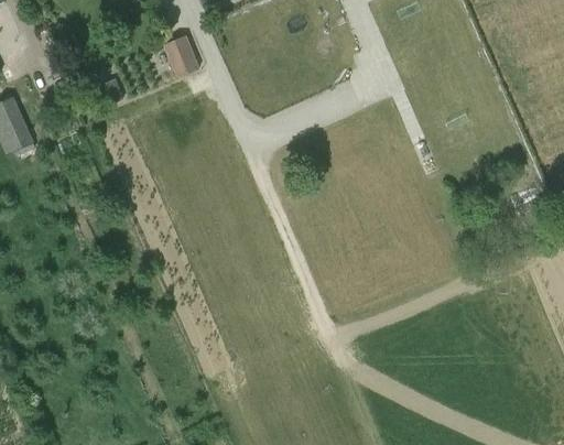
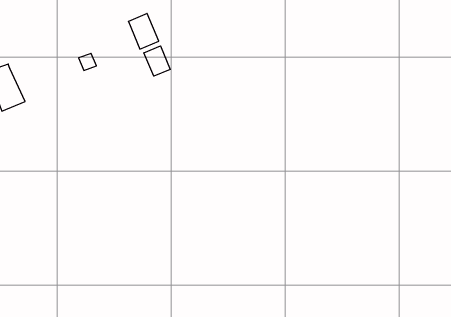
building: none -> [144,46,170,76]

